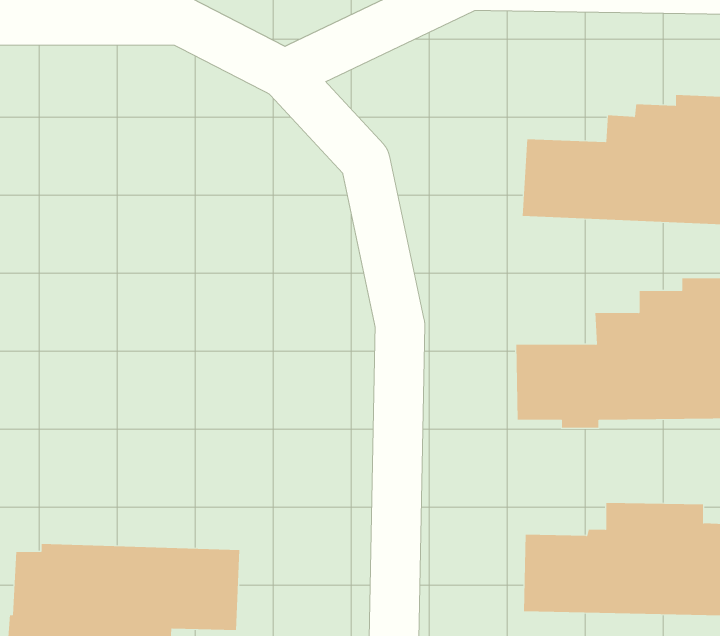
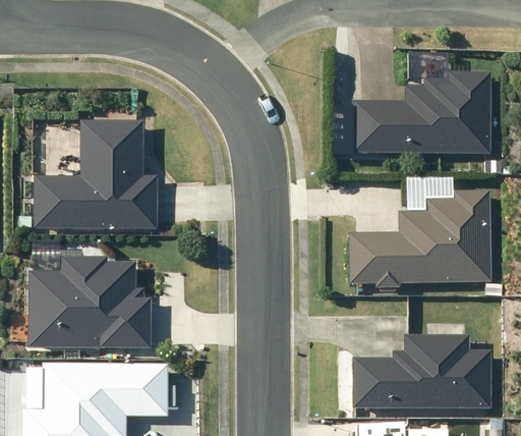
building: none -> [34,120,158,229]
building: none -> [25,254,151,352]

